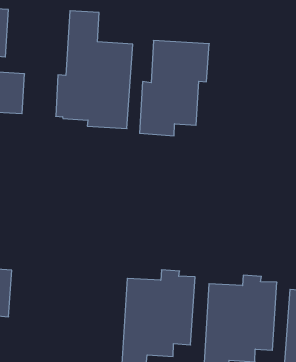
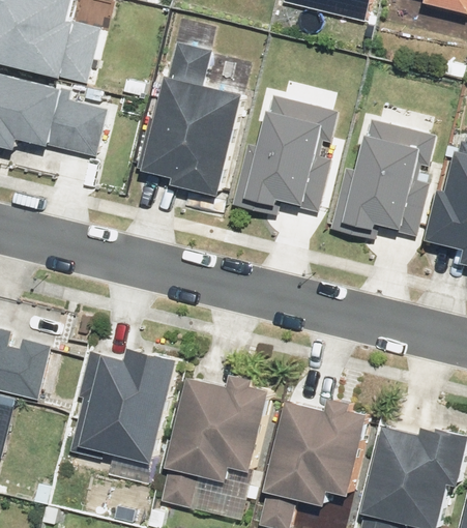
building: none -> [328,119,435,240]
building: none -> [67,349,178,465]

